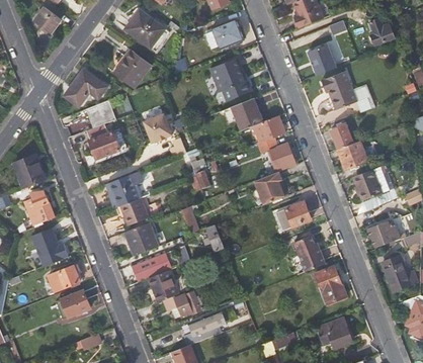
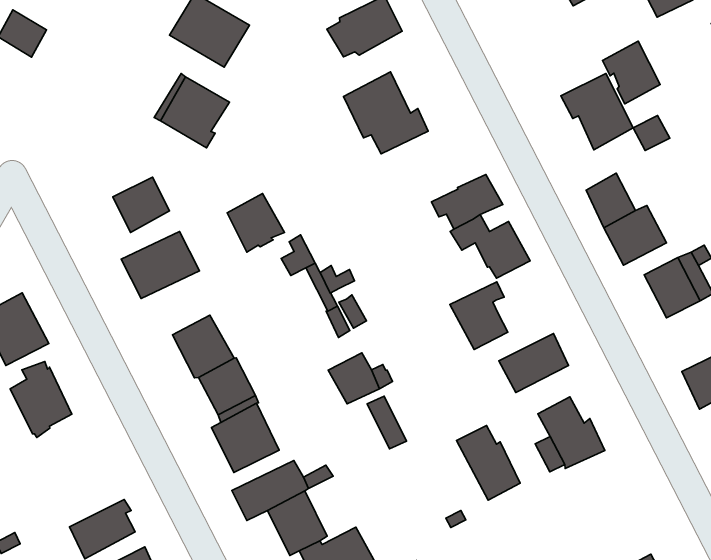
building: [307,43,335,75] -> [603,41,660,104]
building: [65,69,106,105] -> none
building: [231,97,263,130] -> none
building: [31,226,71,266] -> none
building: [315,266,345,304] -> [457,425,520,500]

